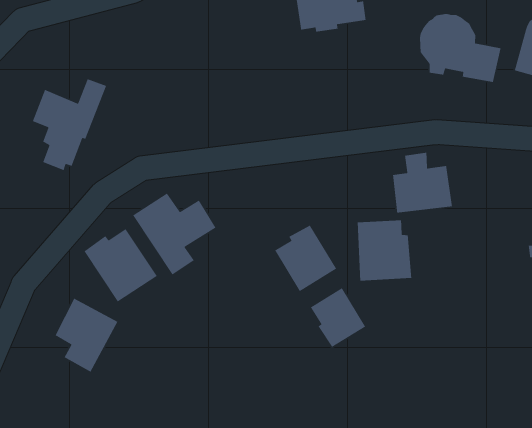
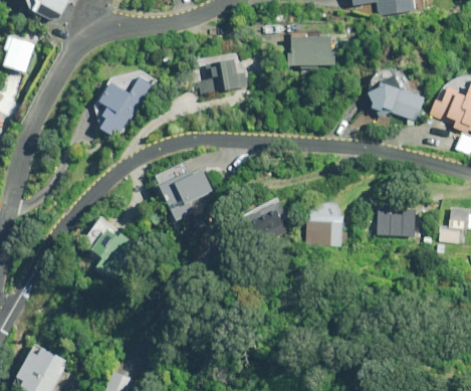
building: none -> [197,59,243,94]
building: [392,152,453,214] -> [376,196,415,236]
building: [84,228,158,303] -> none
building: [310,287,366,348] -> none

